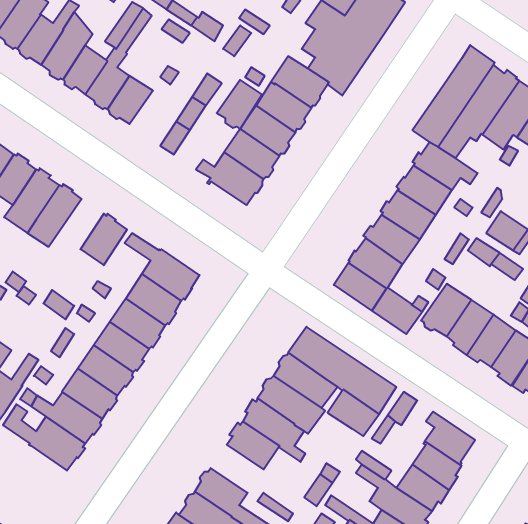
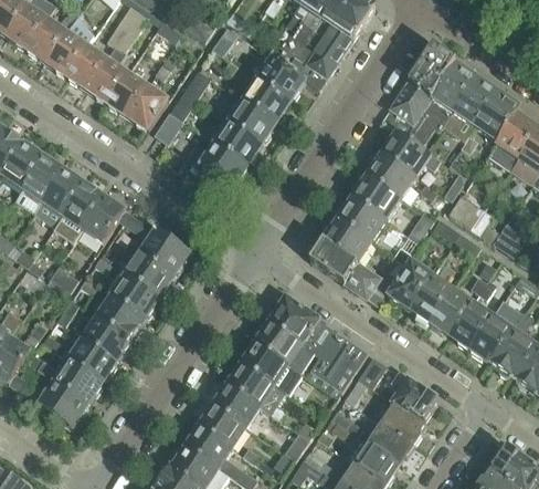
building: [217,80,262,129] -> [127,85,168,129]
building: none -> [53,183,104,242]
building: none -> [200,404,247,447]

